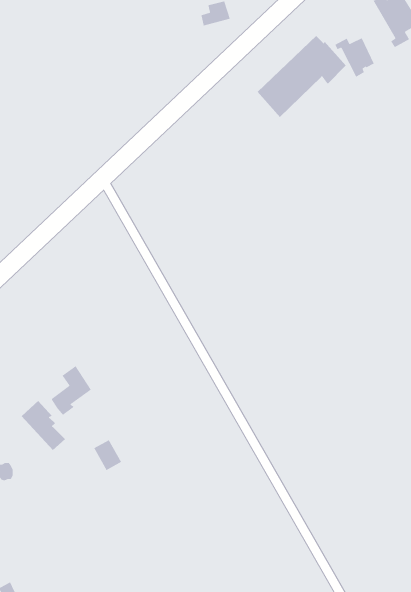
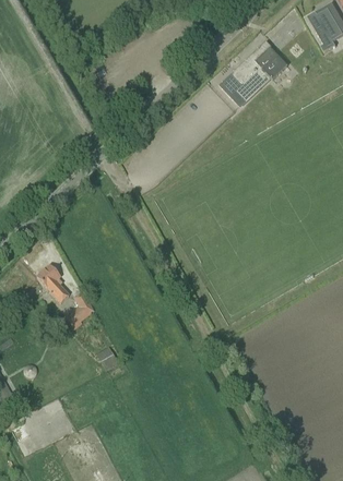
building: [334,37,375,78] -> none
building: [21,400,66,451] -> [37,265,71,303]

